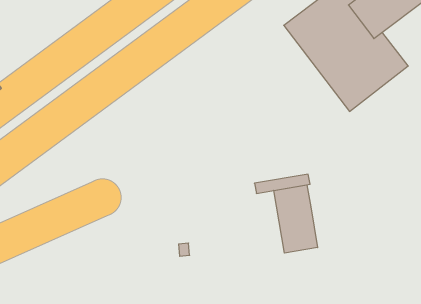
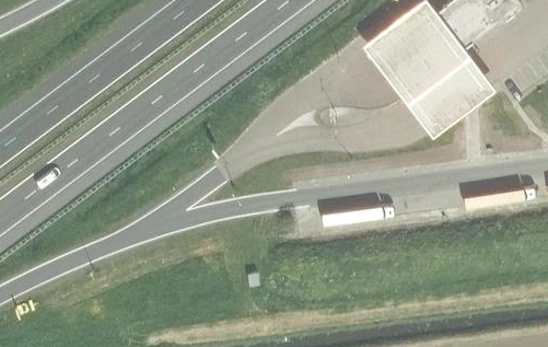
building: [274,185,318,253] -> none

